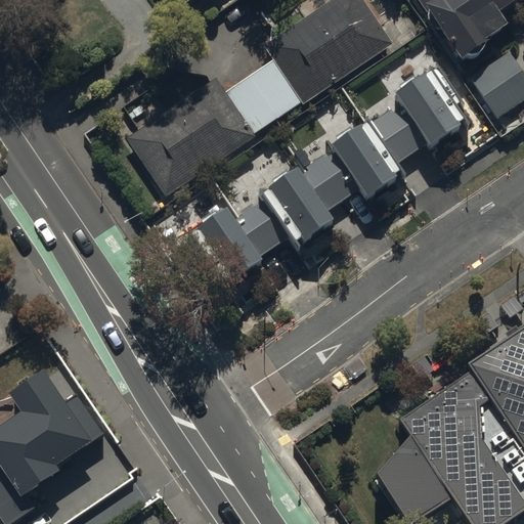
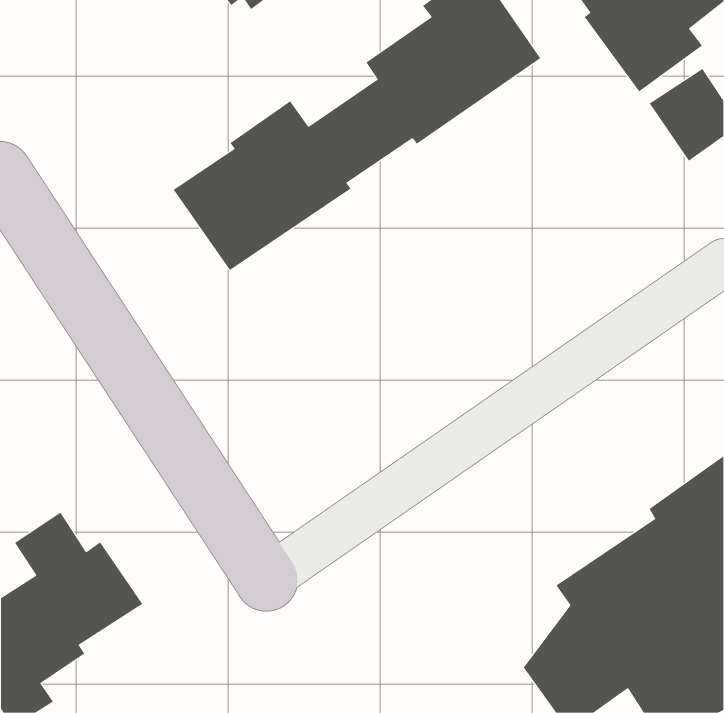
building: [196,70,462,279] -> none

